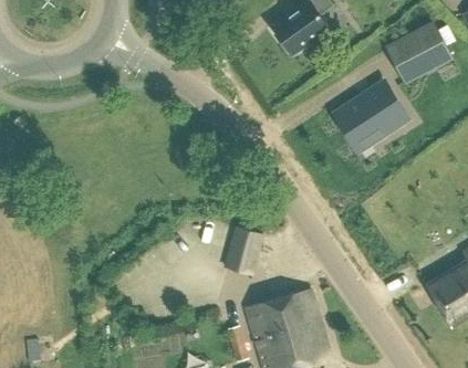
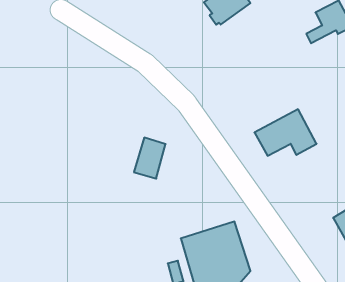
building: [331,90,405,145] -> [254,109,317,156]
building: [225,227,262,275] -> [134,138,166,179]

